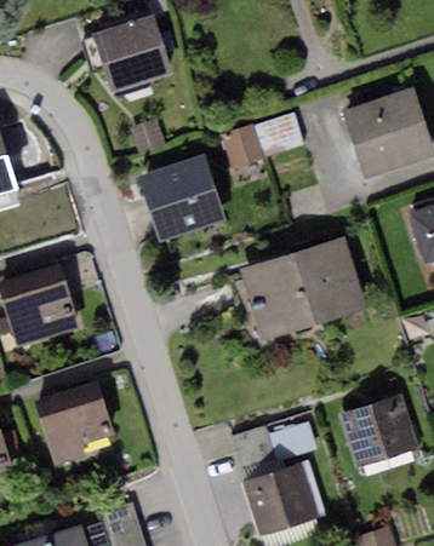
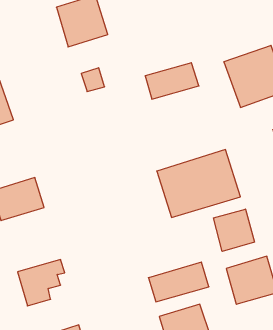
building: [139,161,227,241] -> none
building: none -> [214,209,255,251]

